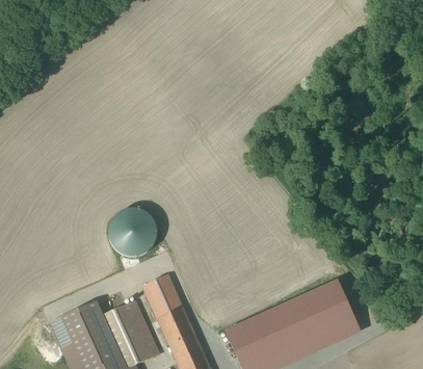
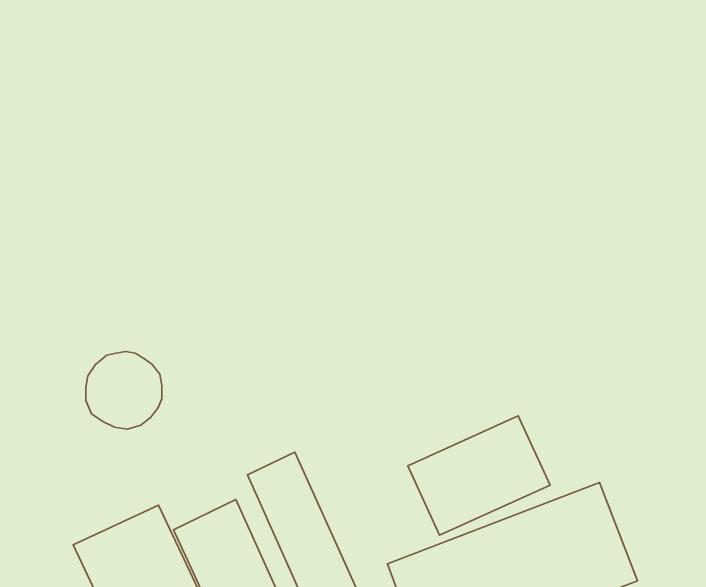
building: [111,216,153,259] -> [86,351,162,429]
building: none -> [408,416,550,535]

